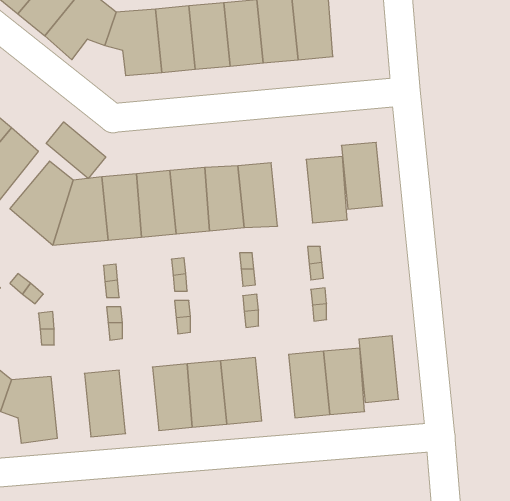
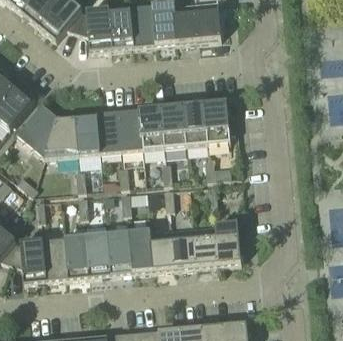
building: [46,122,106,178] -> none
building: [341,142,383,209] -> [182,103,208,145]
building: [359,336,399,402] -> [172,226,197,268]
building: none -> [86,234,111,276]
building: none -> [43,238,68,279]

